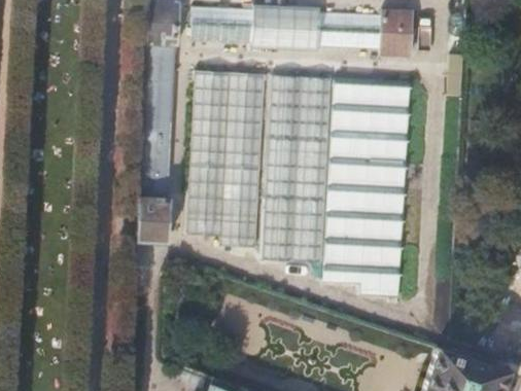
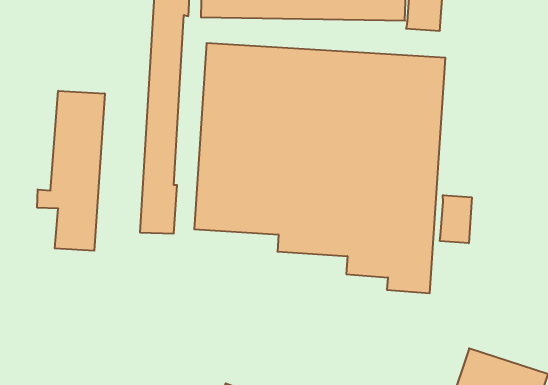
building: none -> [37,91,105,251]
building: none -> [440,195,472,243]

